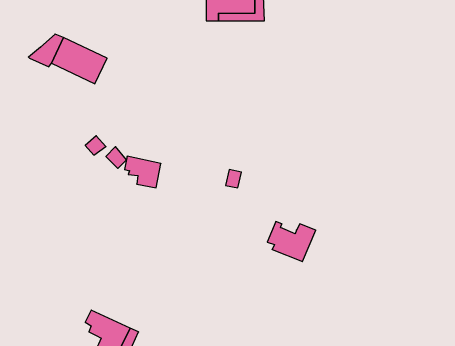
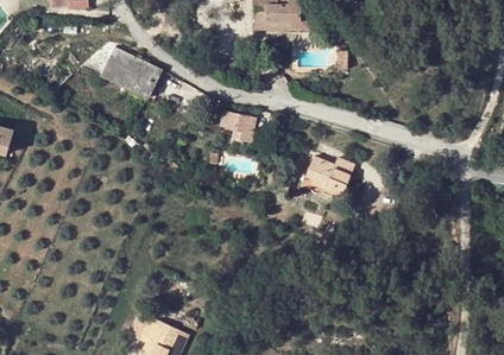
building: [125,156,161,188] -> [220,112,256,142]
building: [267,222,316,262] -> [305,157,353,196]

